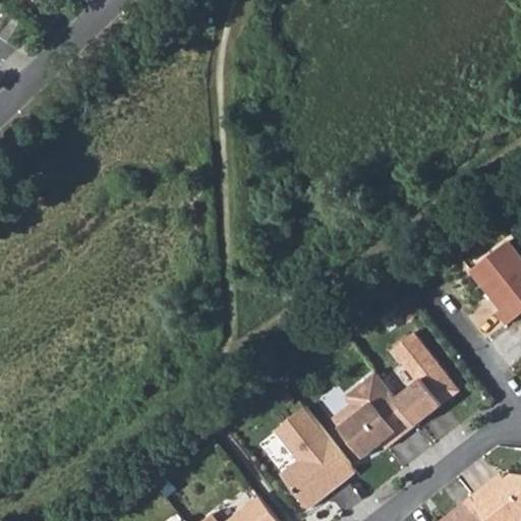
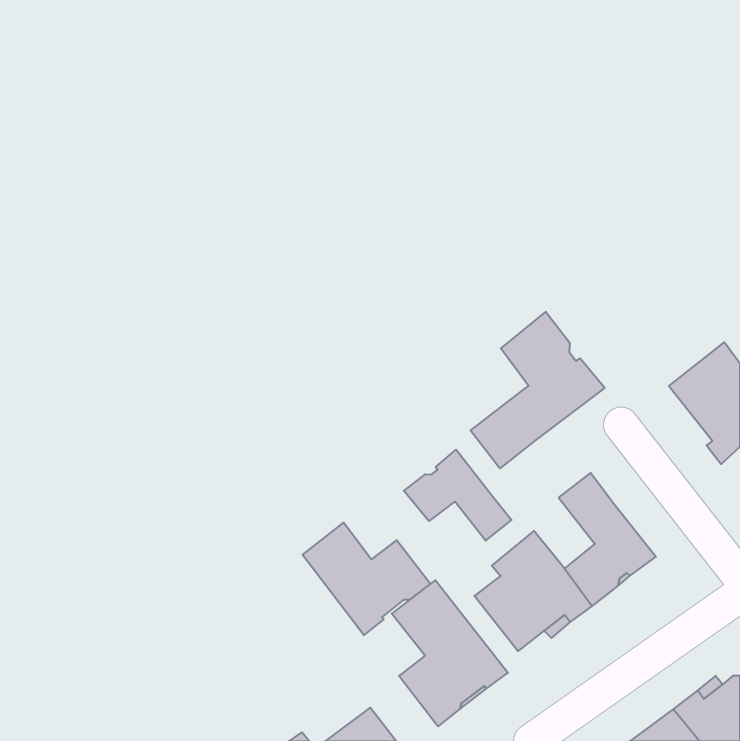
building: none -> [470,312,605,468]
building: none -> [404,450,512,541]
building: none -> [302,523,430,635]

